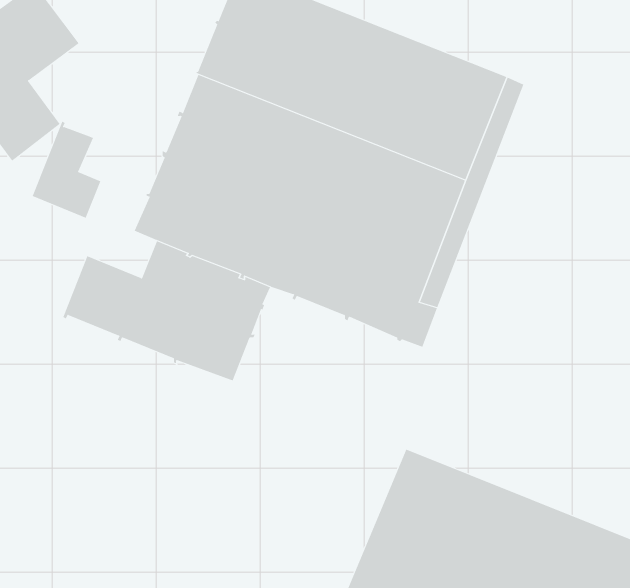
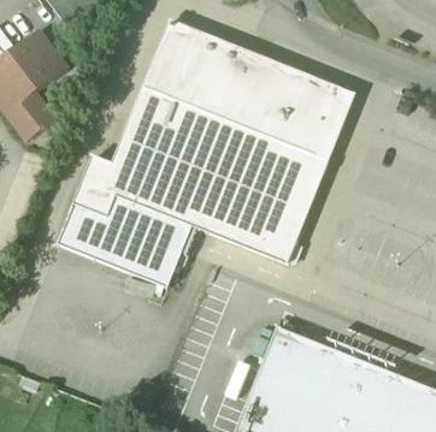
building: [32,121,101,219] -> [73,155,118,218]

